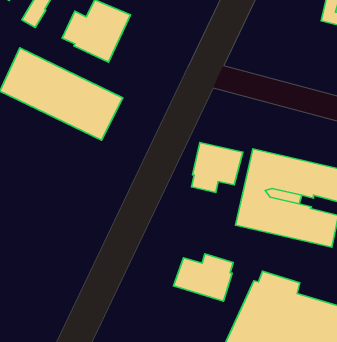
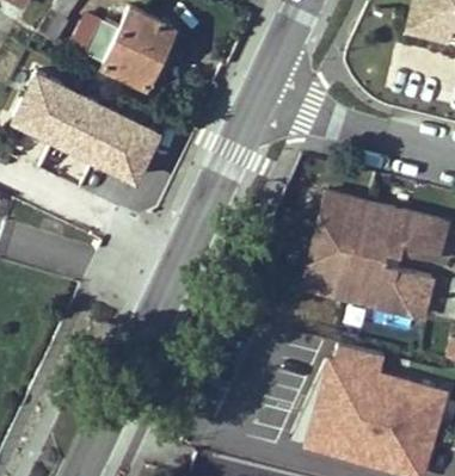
building: [191,142,243,193] -> none
building: [174,254,233,301] -> none

